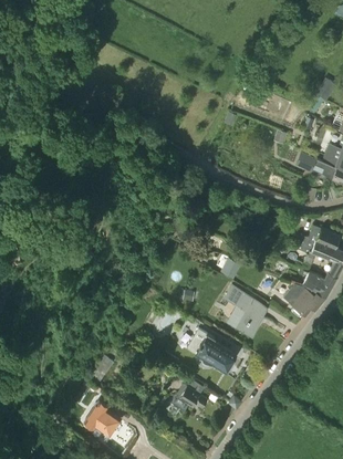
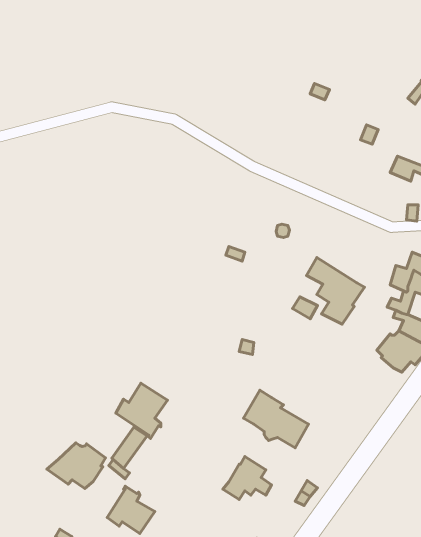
building: [225,285,268,335] -> [307,258,364,324]
building: none -> [116,383,168,438]
building: none -> [47,443,106,489]

